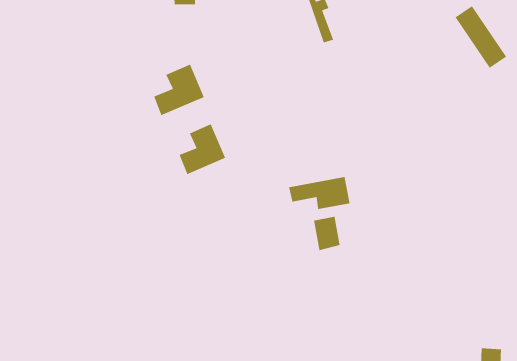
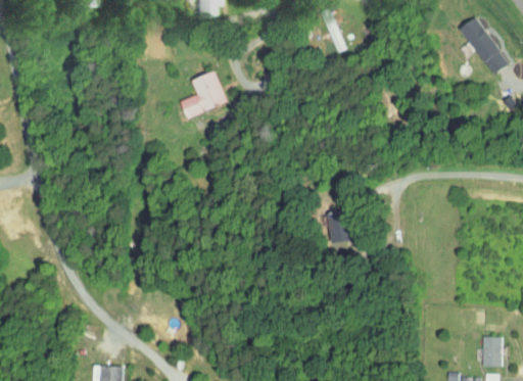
building: [179,123,226,175] -> none
building: [288,176,351,210] -> none

